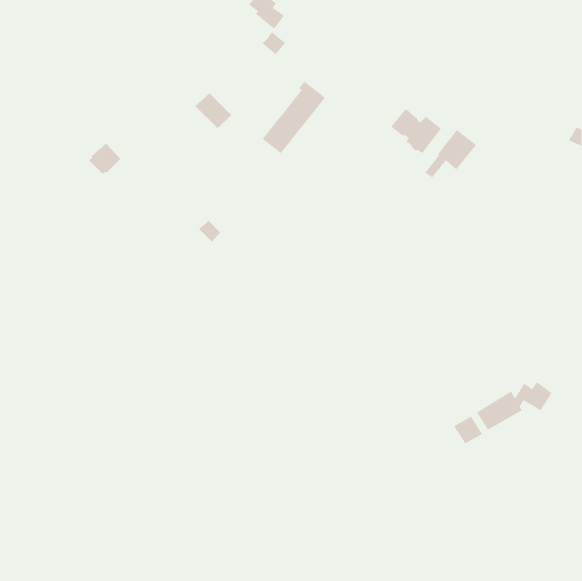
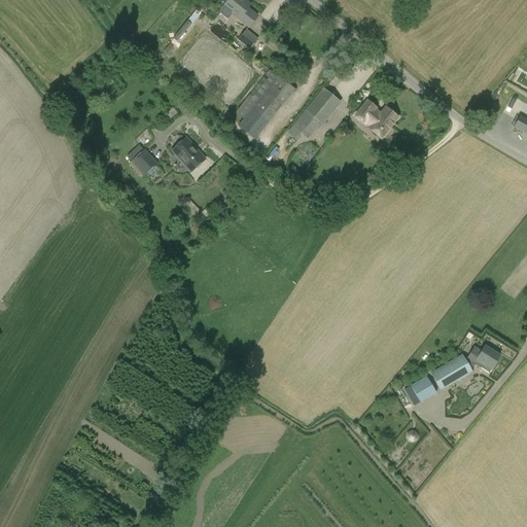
building: [195,92,232,129] -> [170,138,204,171]
building: [424,129,477,178] -> [293,87,341,132]
building: [88,143,121,175] -> [128,148,157,177]

